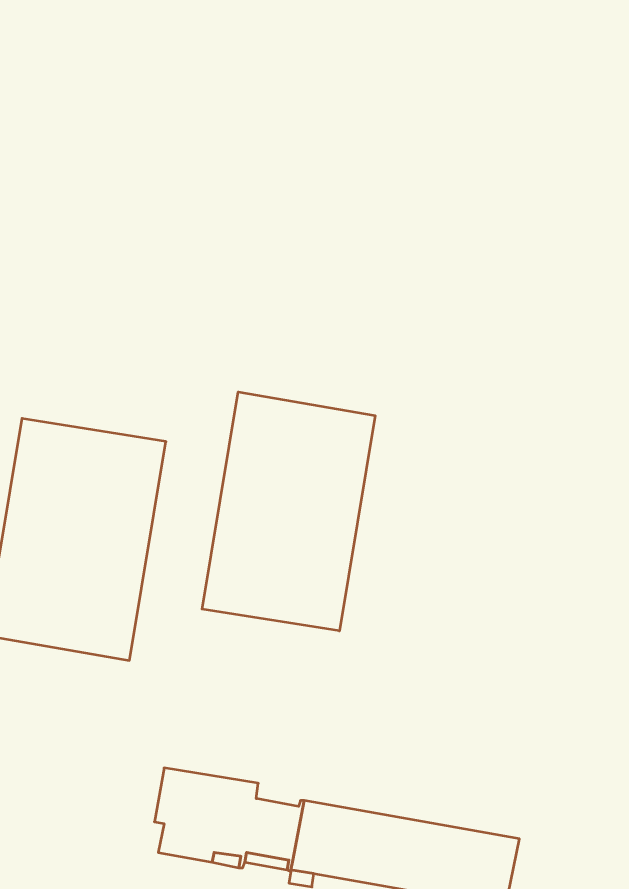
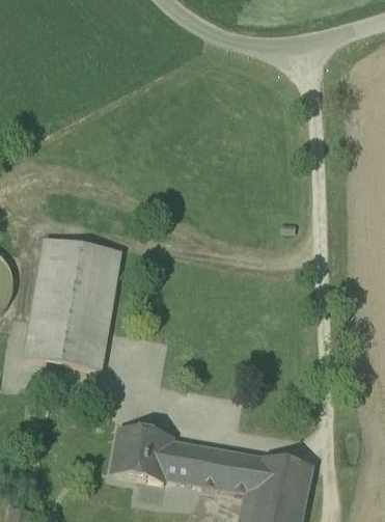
building: [202,392,375,631] -> none

